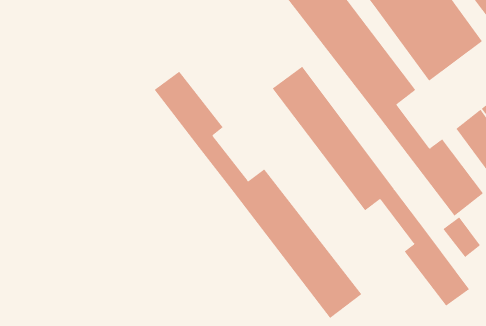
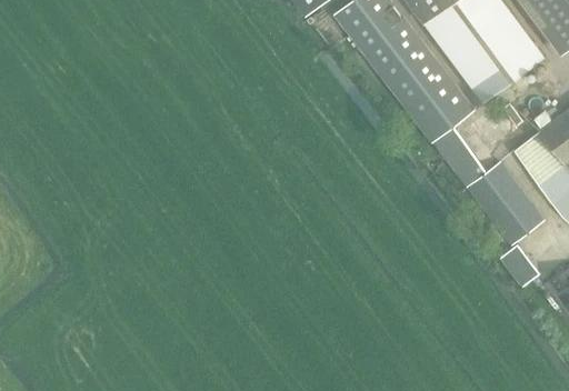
building: [272,66,470,307] -> none
building: [154,71,362,319] -> none

